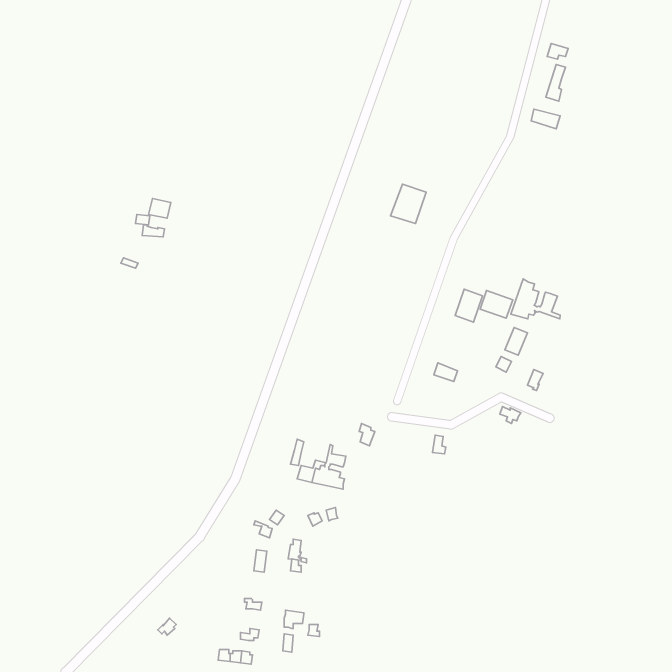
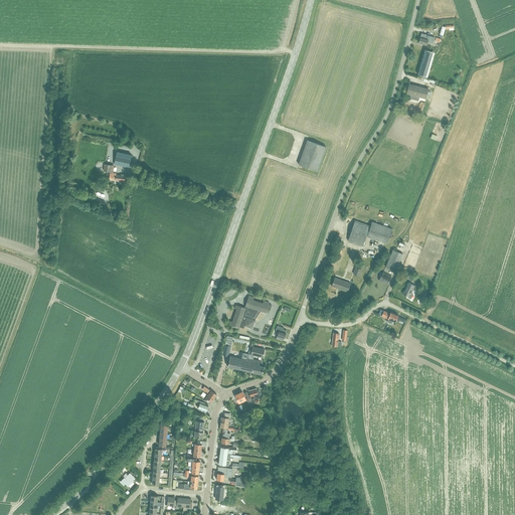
building: [511,279,560,319] -> none
building: none -> [229,296,272,328]

